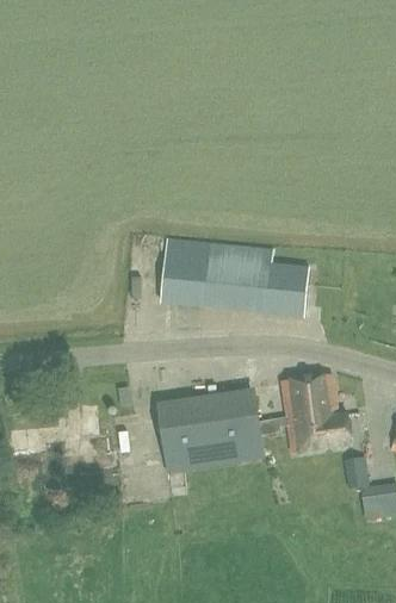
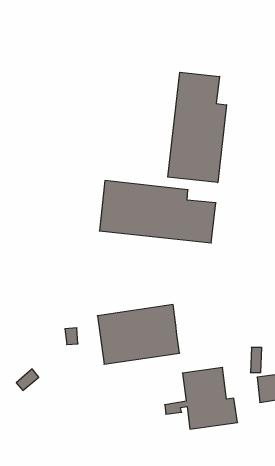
building: none -> [168,72,226,183]
building: [256,373,349,452] -> [165,367,238,429]

